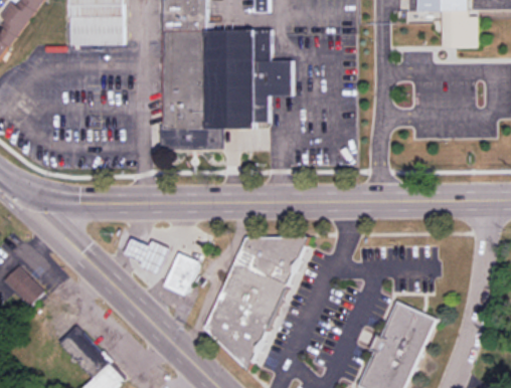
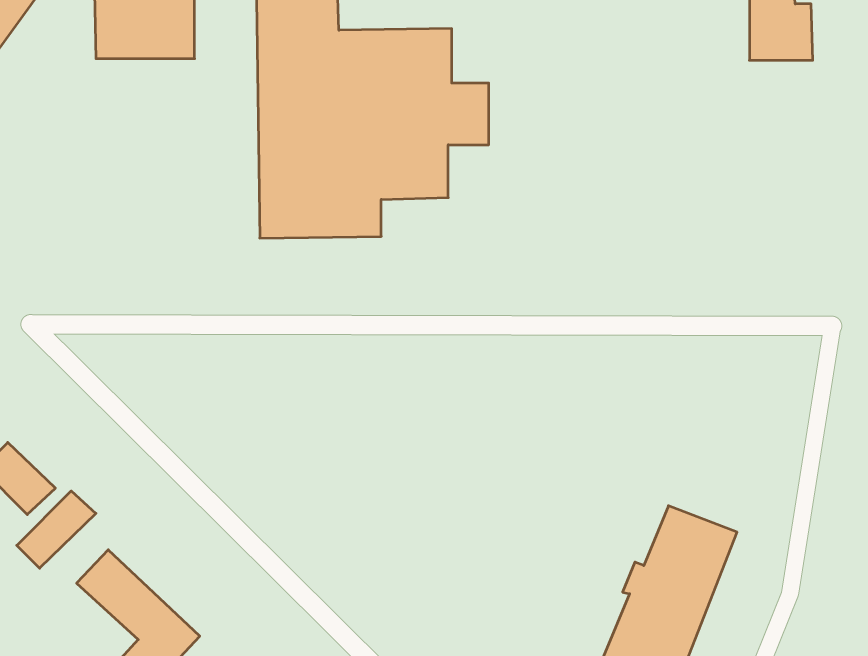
building: [202,236,306,361] -> none
building: [122,237,170,275] -> none
building: [162,251,200,296] -> none
building: none -> [17,491,96,568]

